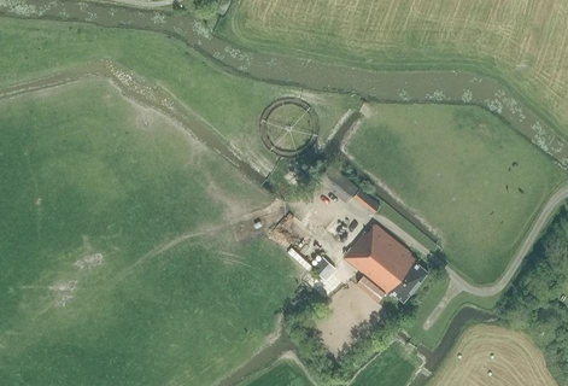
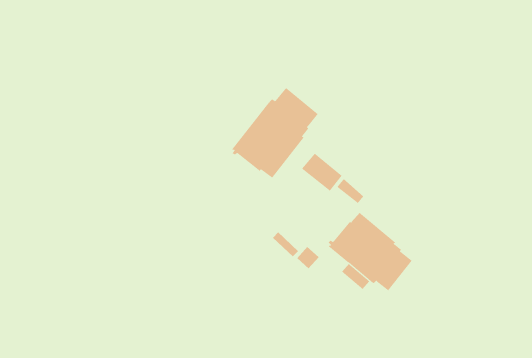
building: none -> [231,87,319,178]

